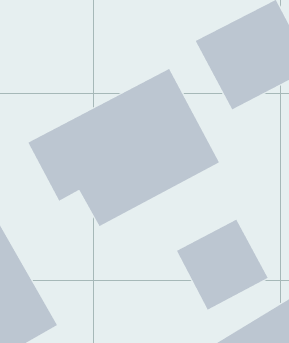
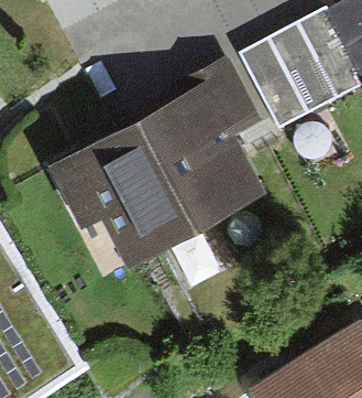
building: [176,219,268,311] -> none

